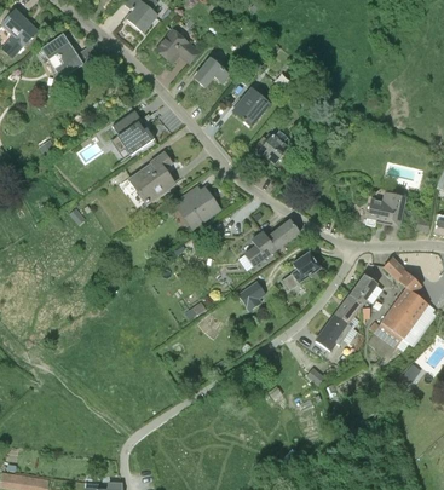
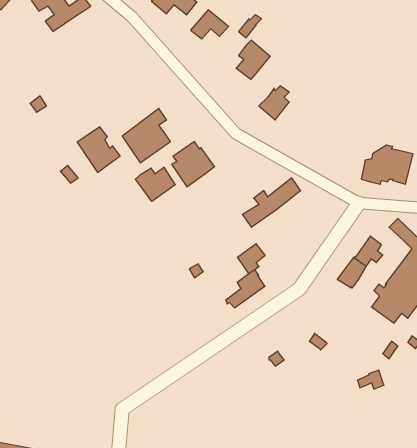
building: [113,110,154,154] -> [77,127,120,172]
building: none -> [135,167,175,201]
building: [282,252,319,288] -> [226,270,265,308]
building: [315,316,352,352] -> none

